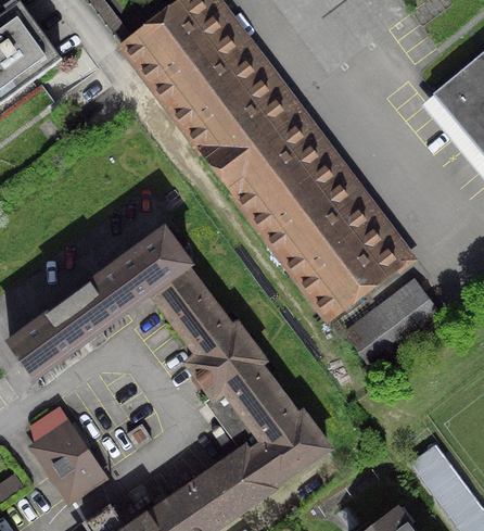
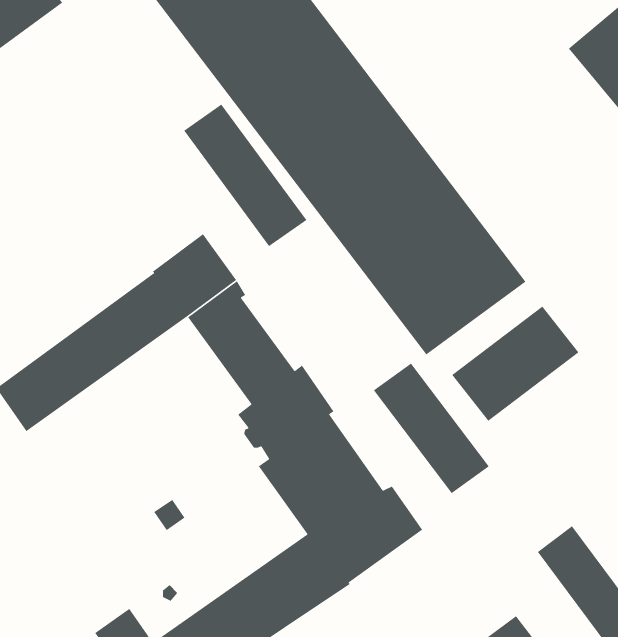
building: none -> [183,103,307,247]
building: none -> [373,362,490,494]
building: [34,421,104,497] -> none

